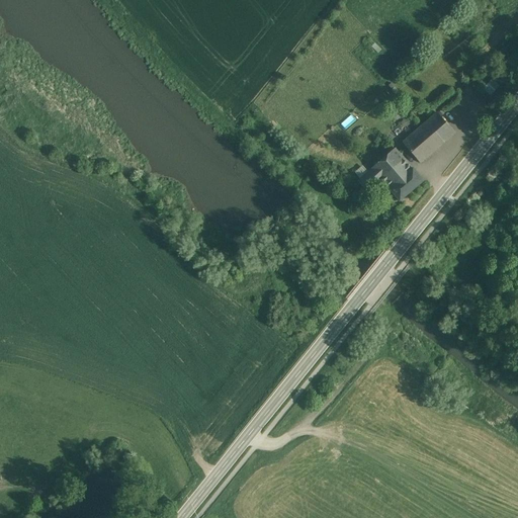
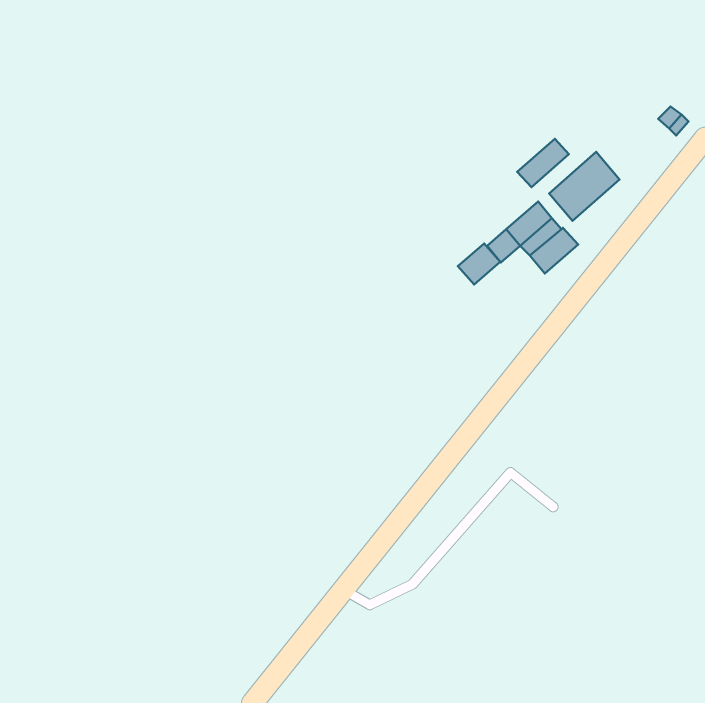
building: none -> [517,139,569,187]
building: none -> [458,244,500,284]

